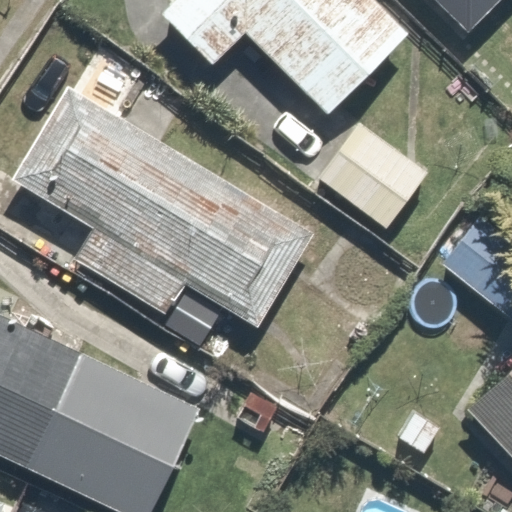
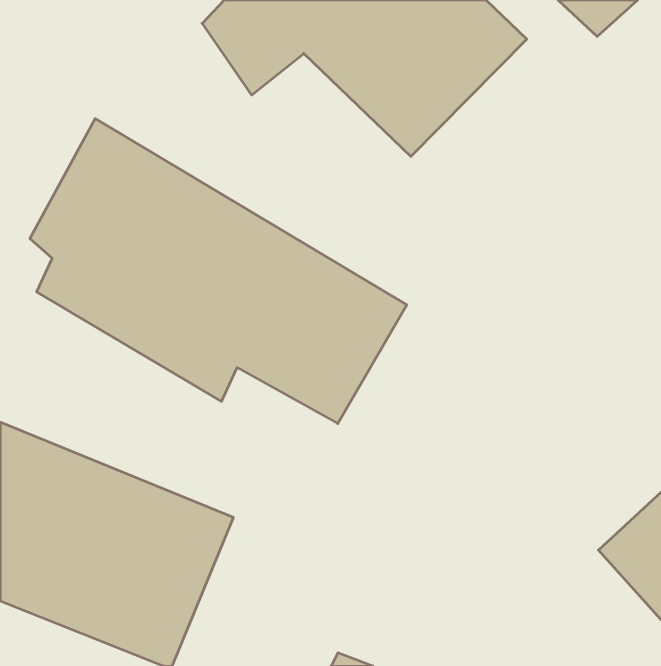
building: [312,121,423,226] -> none

